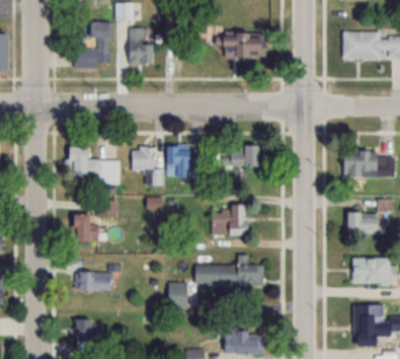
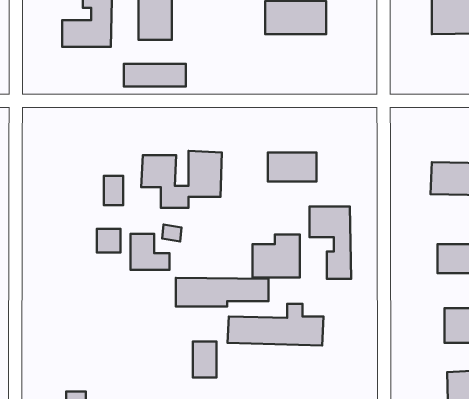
building: none -> [124,64,186,86]
building: [69,147,102,175] -> none
building: none -> [310,206,351,279]
building: [72,215,100,241] -> [131,234,170,270]
building: none -> [176,278,269,307]
building: [77,273,113,291] -> none

